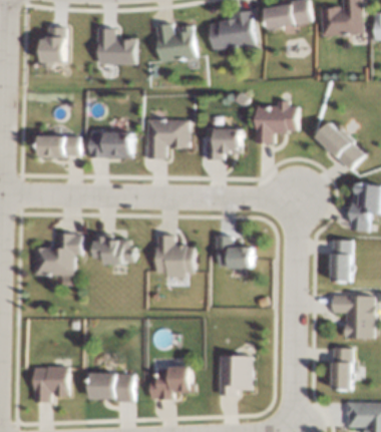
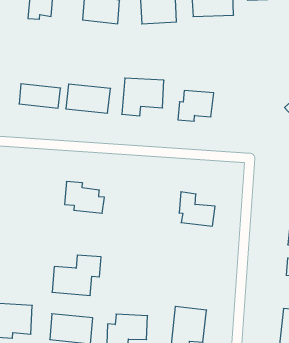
building: [256,100,297,143] -> none
building: [34,234,82,275] -> [52,255,101,295]
building: [156,235,194,276] -> none

